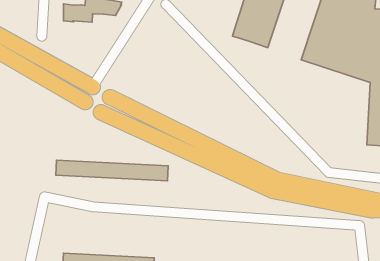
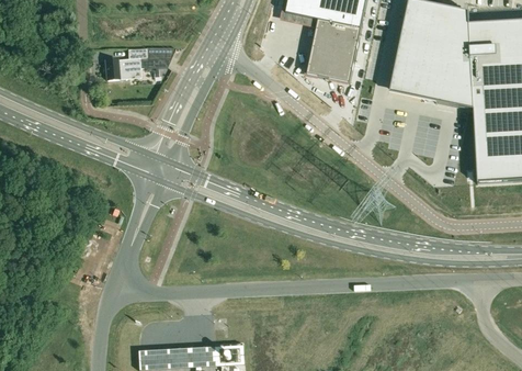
building: [56,160,168,181] -> none

